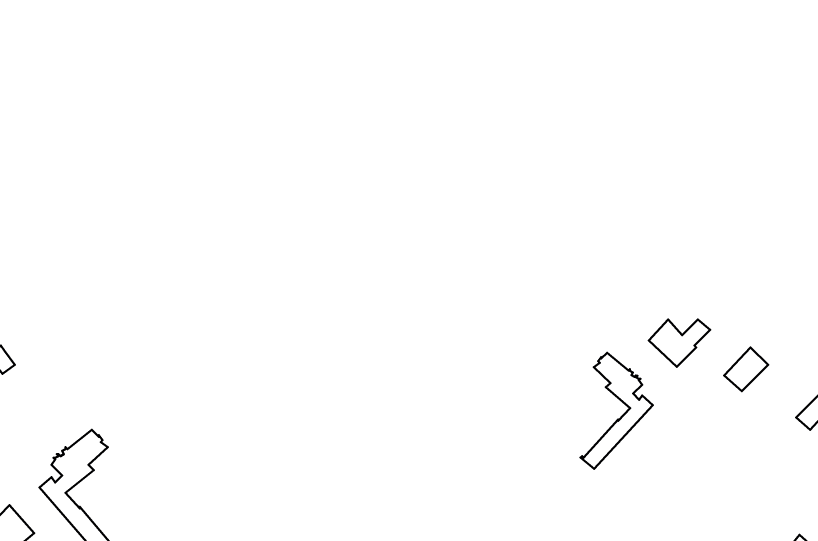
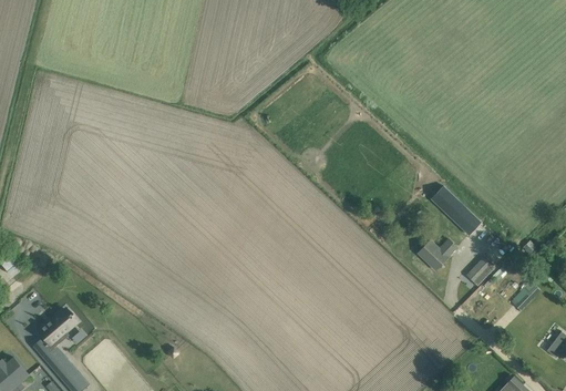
building: none -> [431,186,480,234]
building: [581,353,653,469] -> none

